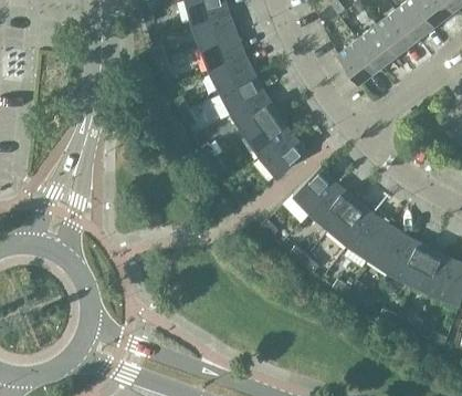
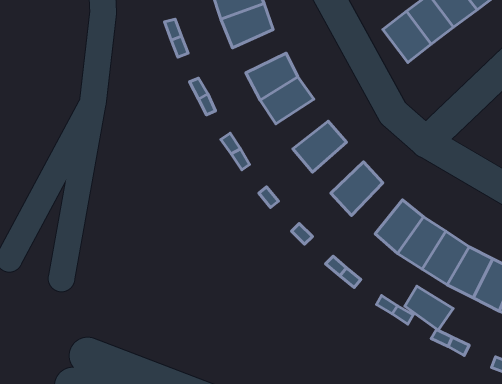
building: [209,58,254,94] -> none
building: [245,116,290,158] -> none
building: [309,187,353,230] -> none
building: none -> [405,286,453,330]

